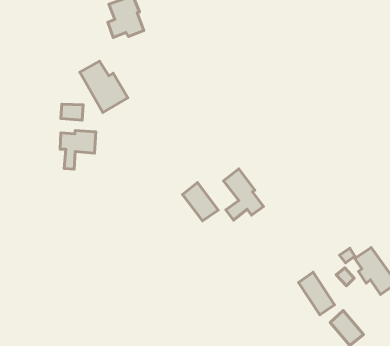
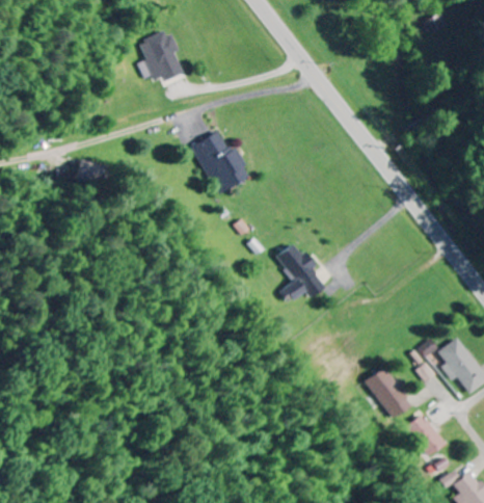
building: [80,61,128,112] -> [192,131,250,193]
building: [60,130,96,169] -> none
building: [182,182,218,221] -> none

